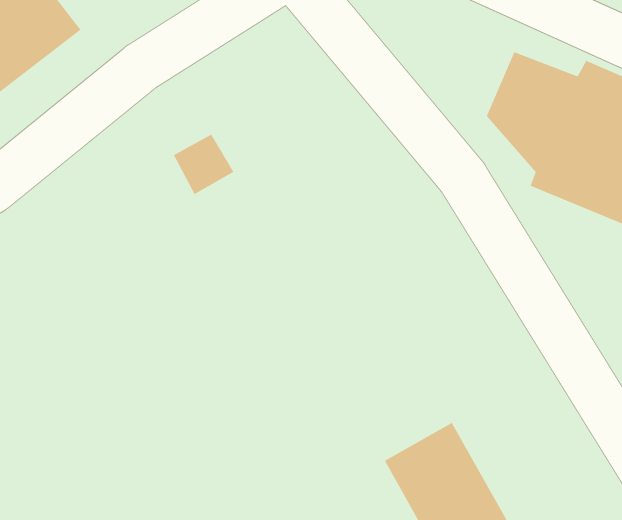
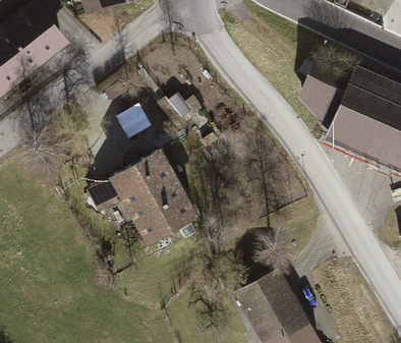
building: none -> [91,153,194,241]

